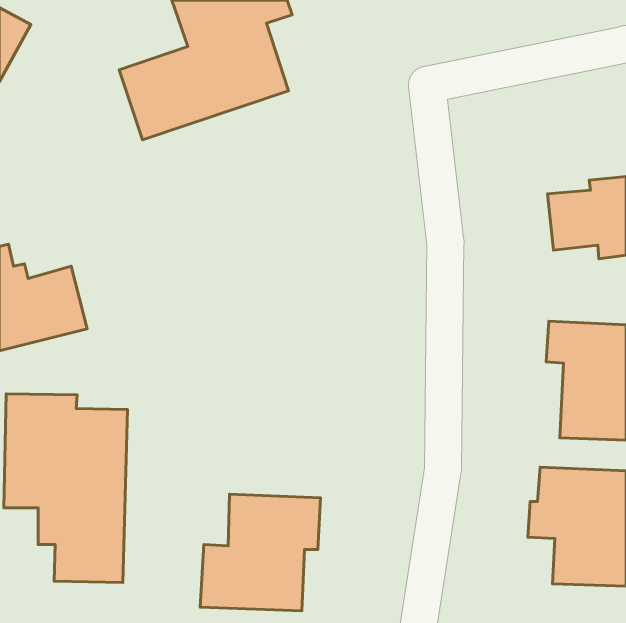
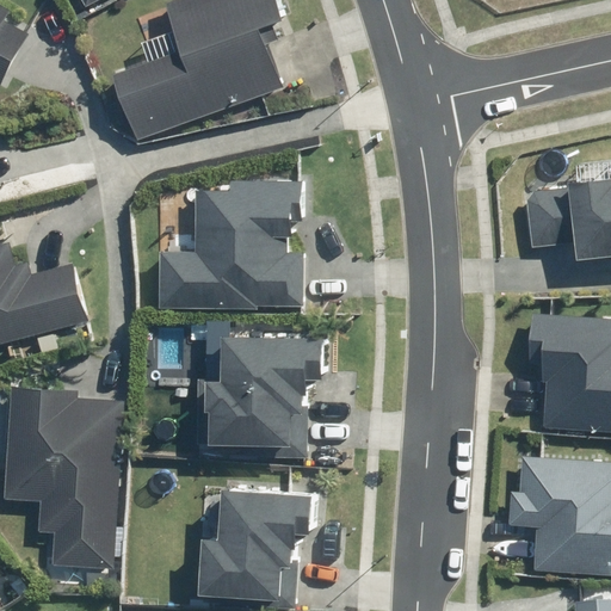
building: none -> [155,180,304,315]
building: none -> [199,332,322,461]

